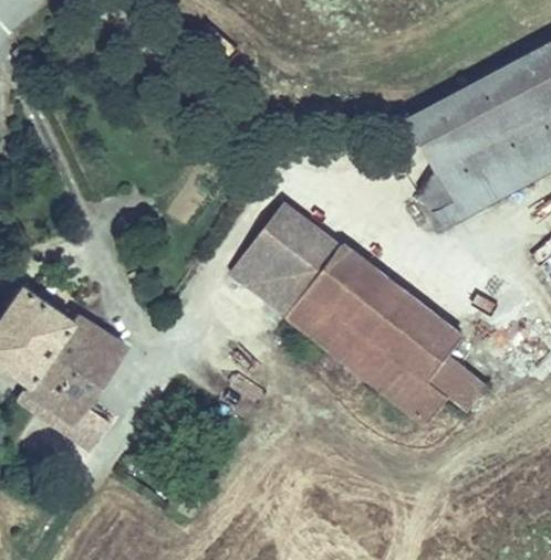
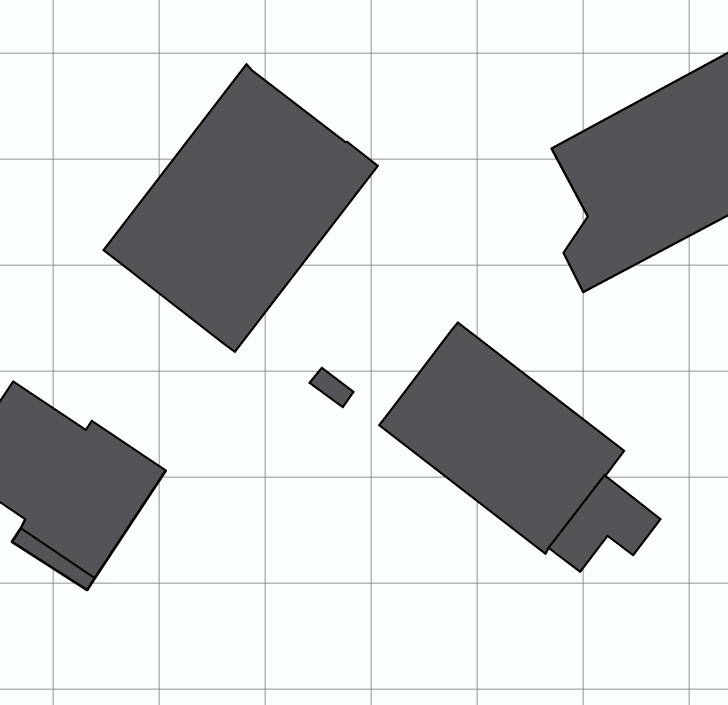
building: none -> [103,64,378,352]
building: [242,208,340,308] -> none

